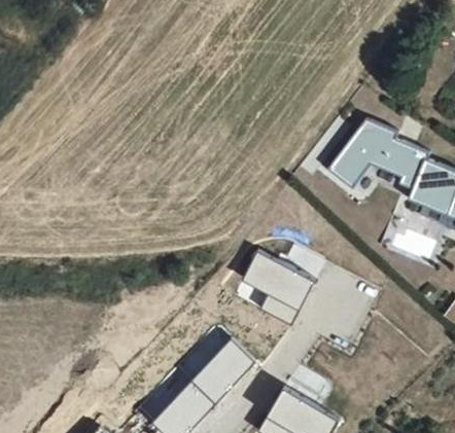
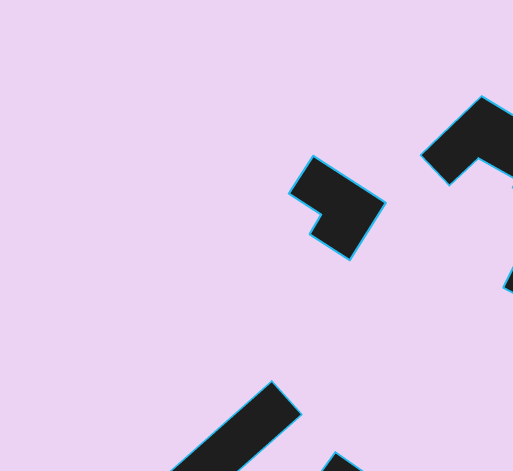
building: [241,252,314,327] -> [289,156,386,260]

